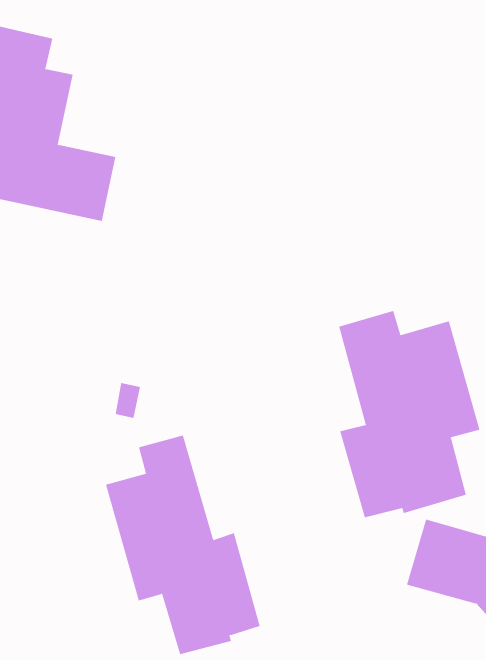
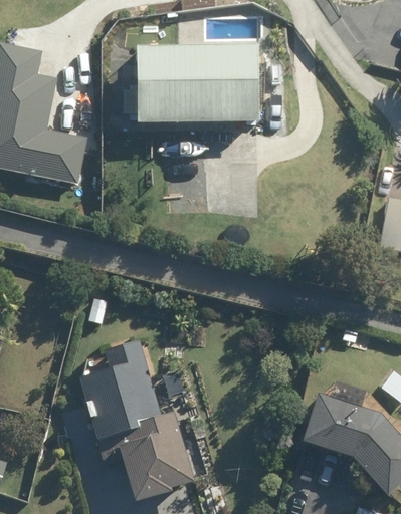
building: none -> [136,48,257,125]
building: [338,310,480,518] -> none

